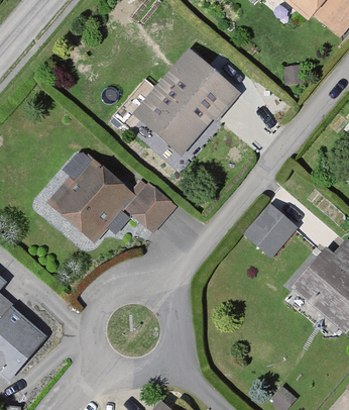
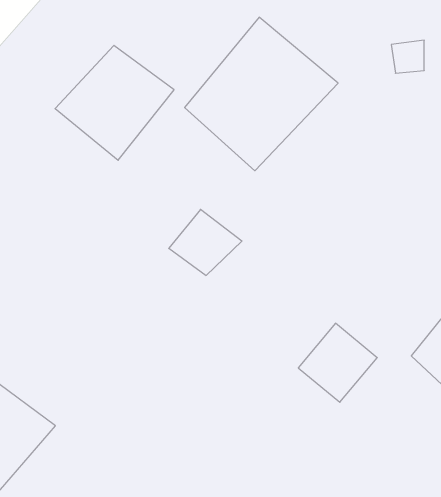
building: [47,158,131,238] -> [55,45,174,160]
building: [238,205,294,261] -> [298,323,377,402]

